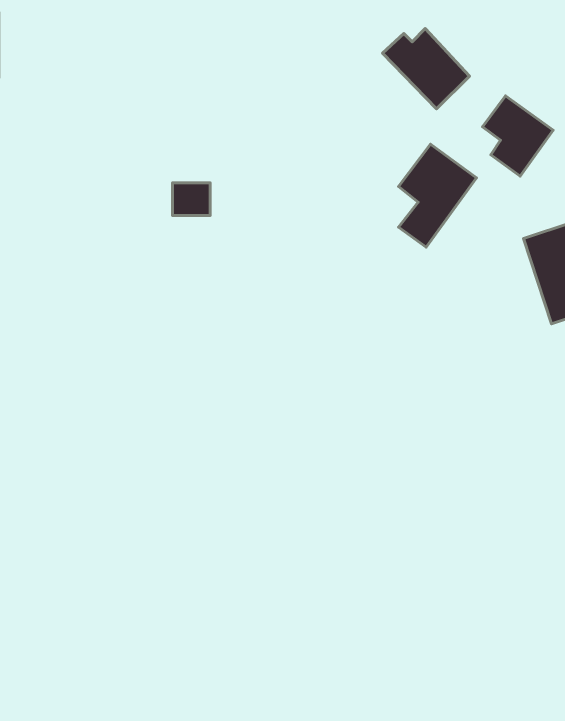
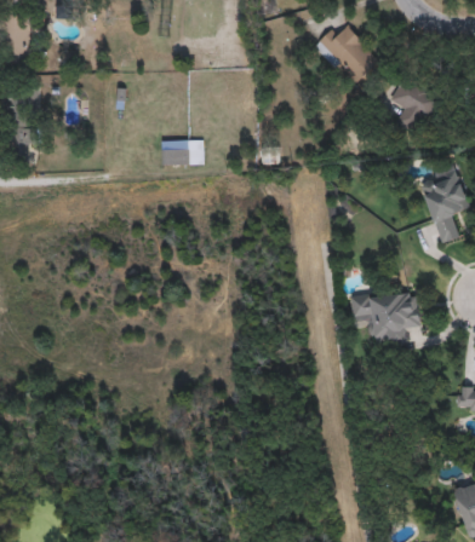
building: [398,144,476,247] -> none
building: none -> [350,289,420,347]

